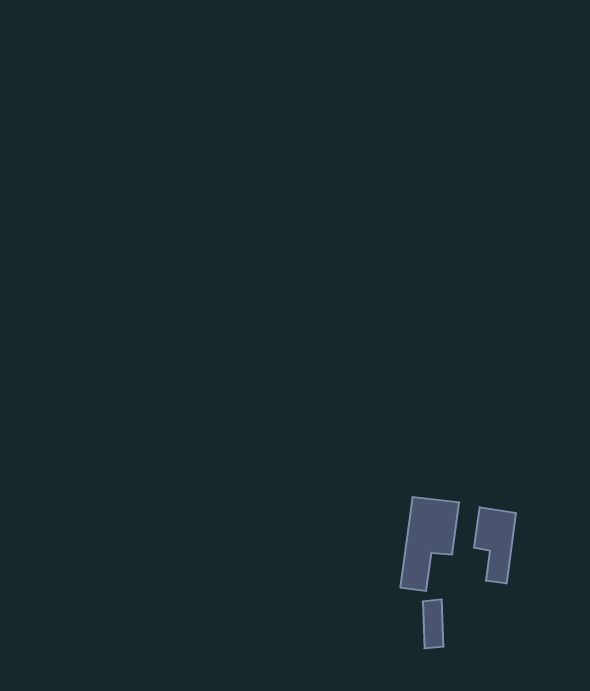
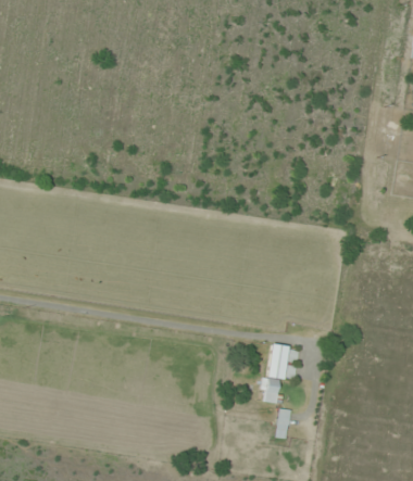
building: [474,507,516,584] -> none

